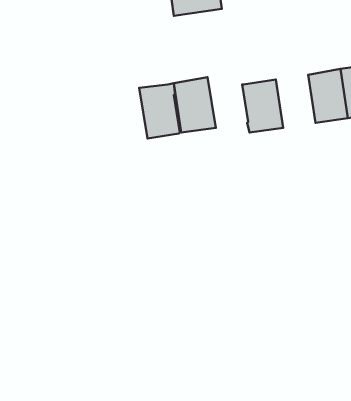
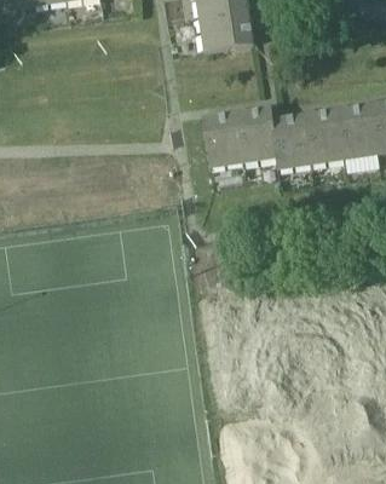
building: none -> [304,108,344,161]
building: [139,83,180,138] -> [235,105,276,161]

